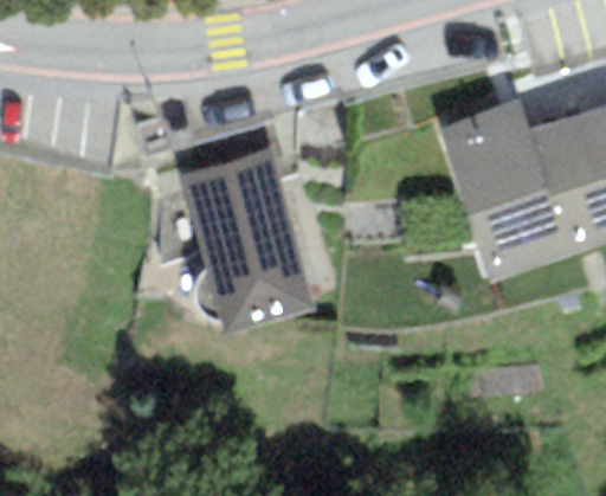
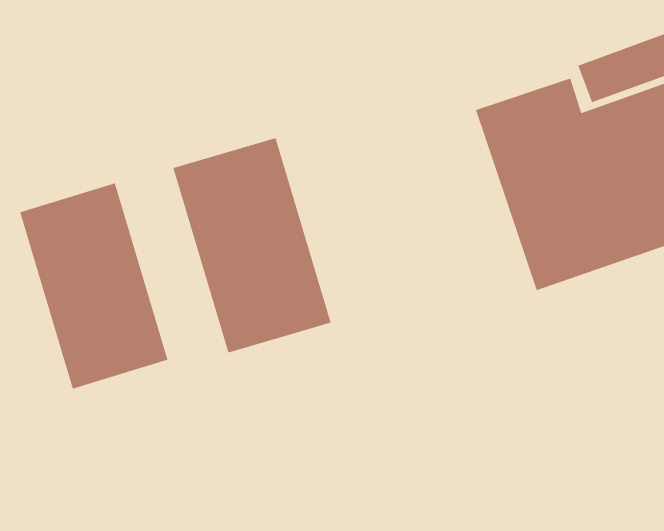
building: none -> [19,183,168,389]

